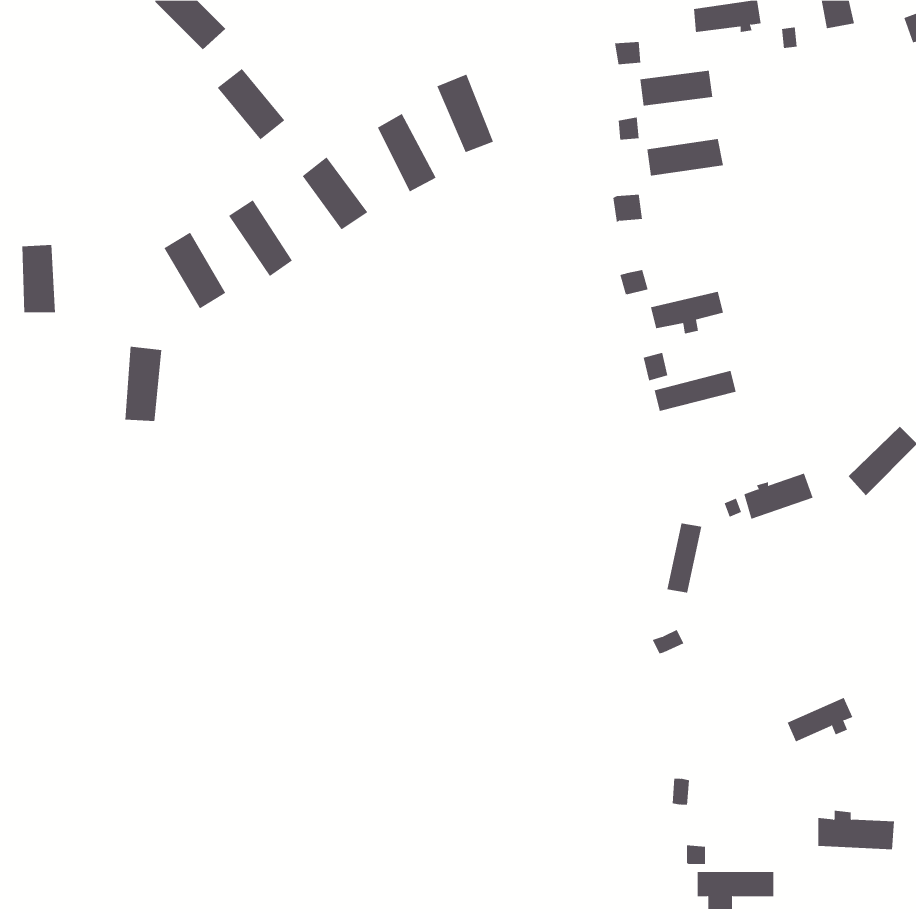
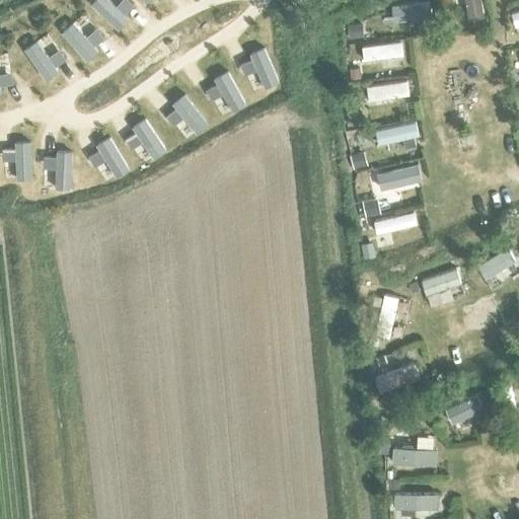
building: none -> [21,39,58,80]
building: [217,68,285,140] -> [60,20,98,61]
building: none -> [375,123,418,148]
building: [124,346,162,422] -> [54,148,75,191]
building: none -> [380,365,420,391]
building: [818,810,895,850] -> [392,444,436,466]

